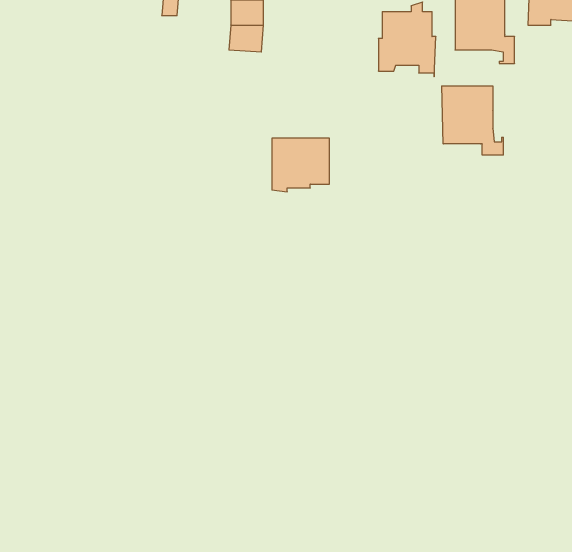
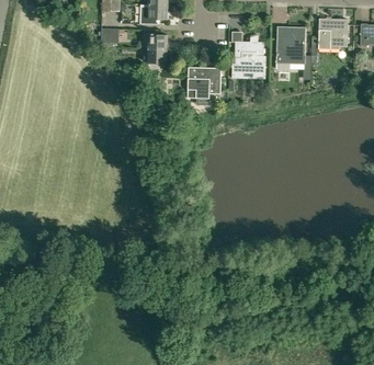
building: [442,86,503,155] -> none
building: [272,138,329,192] -> [188,68,220,99]

